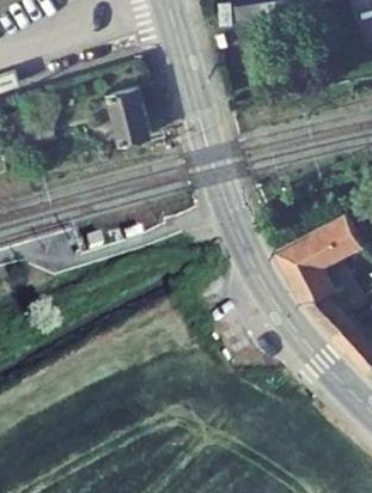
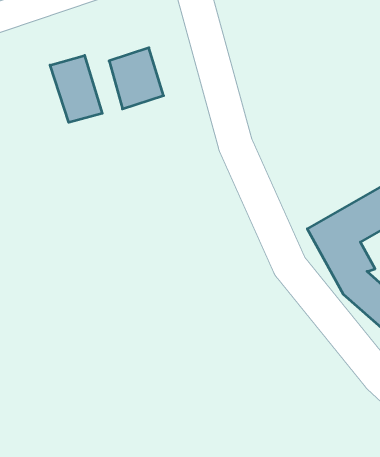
building: none -> [50,55,102,122]

